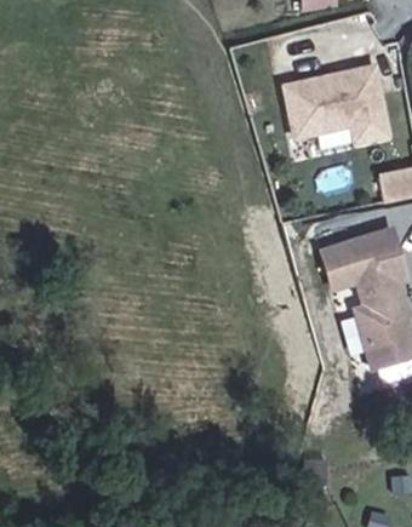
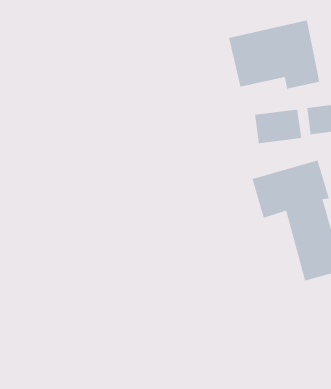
building: none -> [254,109,302,144]

